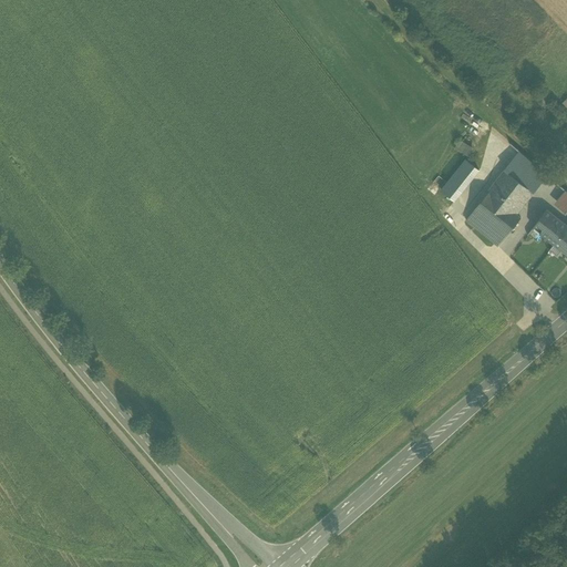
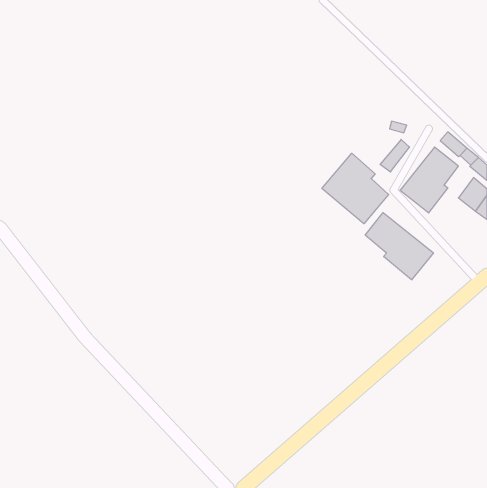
building: none -> [322,153,389,224]
building: none -> [365,213,433,280]

